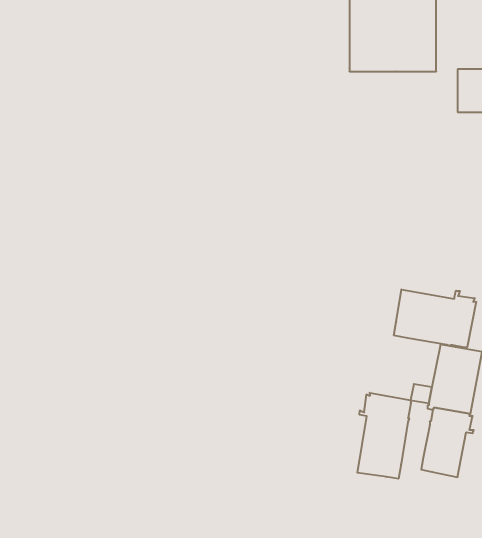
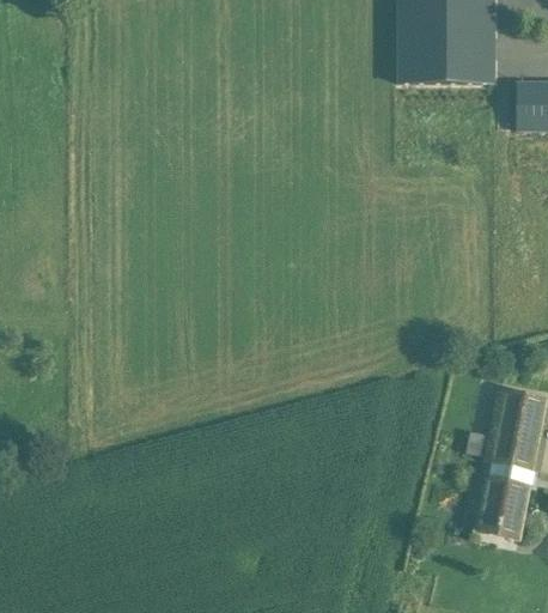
building: [394,289,476,347] -> none
building: [357,393,411,479] -> none

